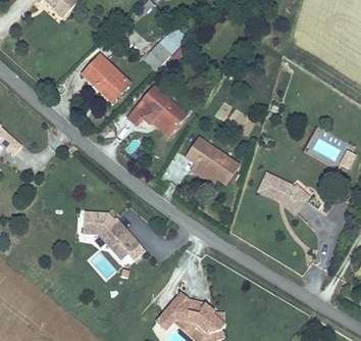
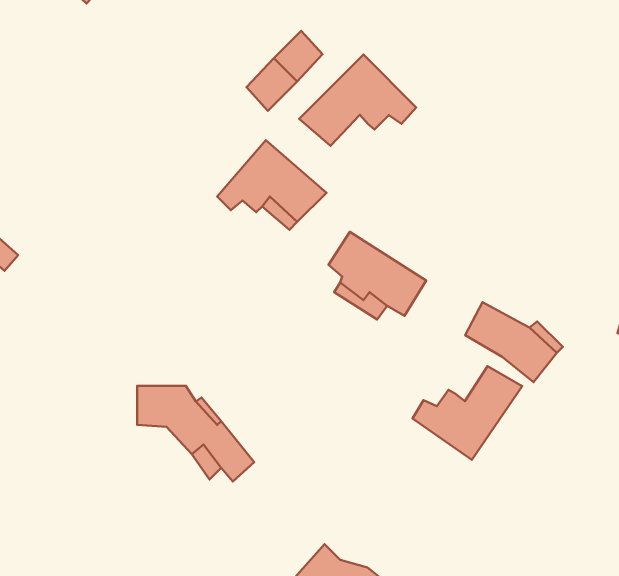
building: none -> [299,54,416,146]
building: [81,54,126,99] -> none
building: none -> [412,366,522,460]

